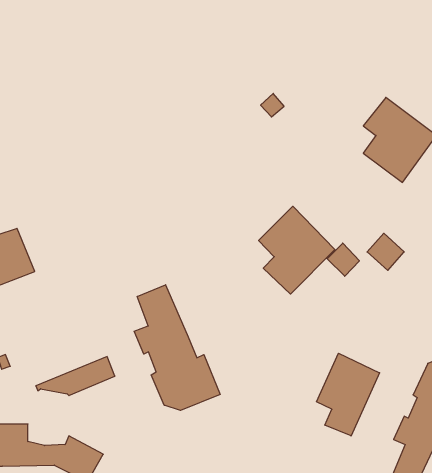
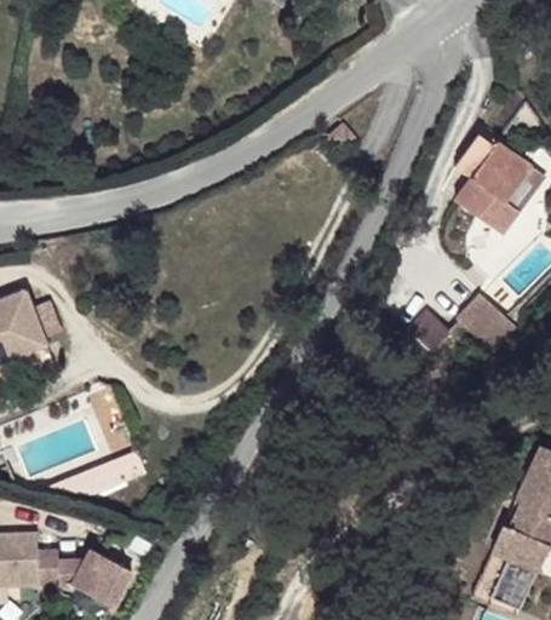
building: [259,206,335,294] -> none
building: [134,285,220,410] -> none
building: [317,353,380,436] -> none

